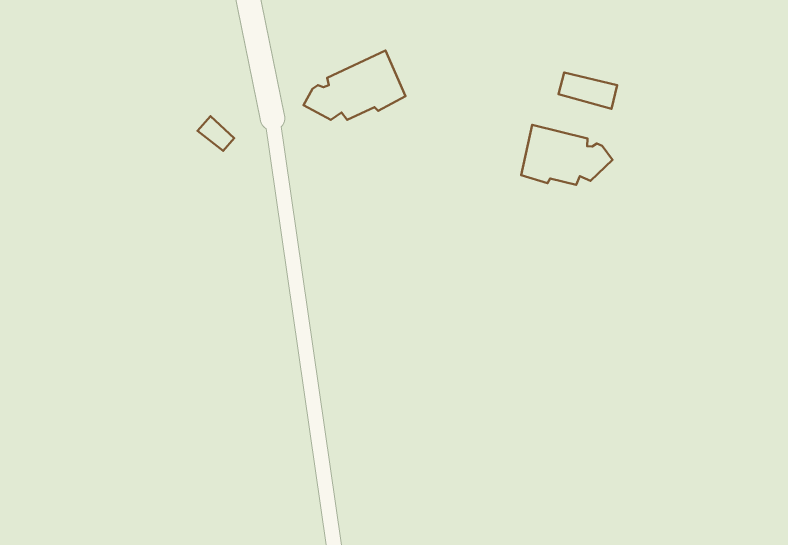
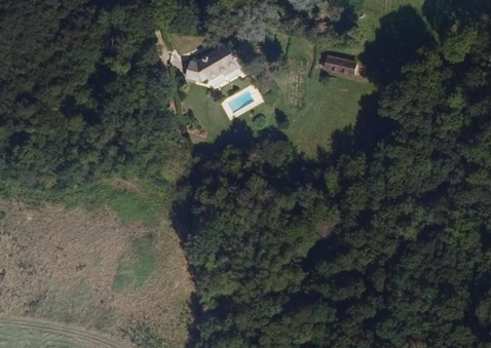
building: [521,125,613,185] -> none

